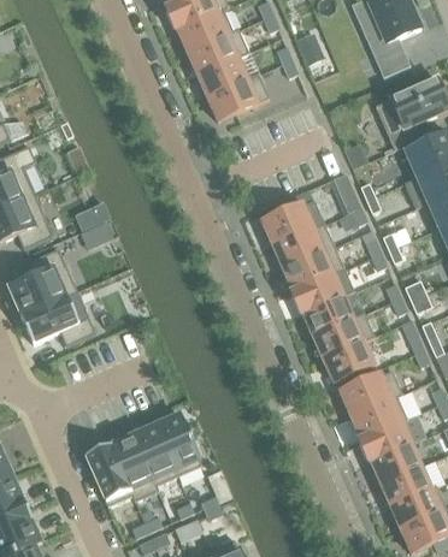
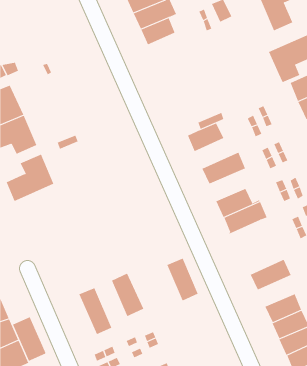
building: [206,72,266,119] -> none
building: [270,221,334,267] -> none
building: [290,267,344,313] -> none
building: [19,289,95,344] -> none
building: [322,339,373,381] -> none
building: [338,368,402,415] -> none
building: [358,416,412,461] -> none
building: [132,423,177,490] -> [167,258,199,305]
building: [84,443,135,505] -> [12,317,48,361]

